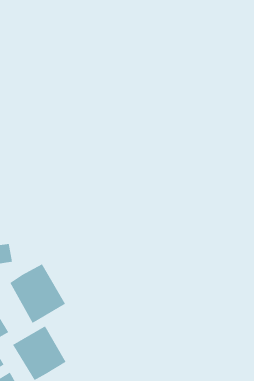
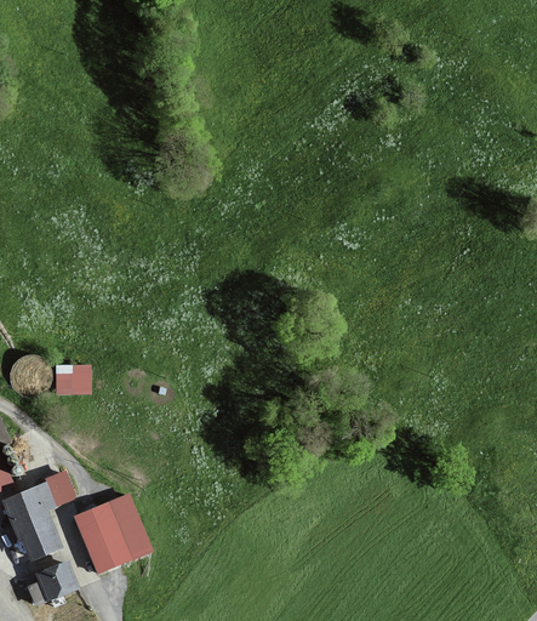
building: [9,263,66,324] -> none

